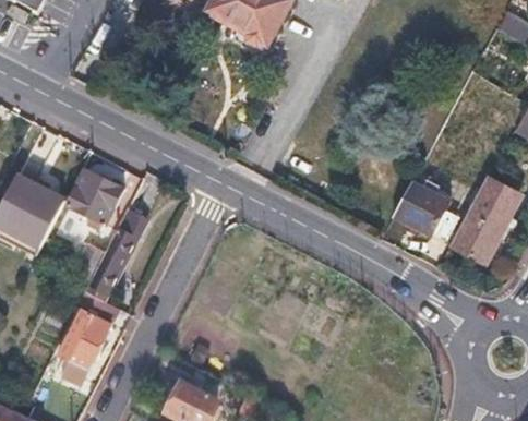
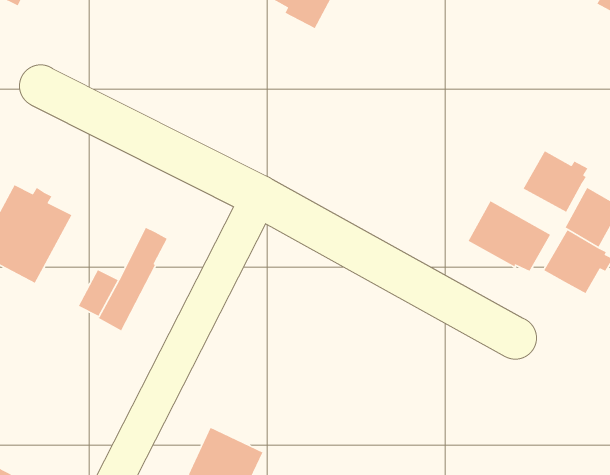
building: none -> [523,150,589,213]
building: [69,165,125,222] -> none
building: [58,292,117,386] -> none

